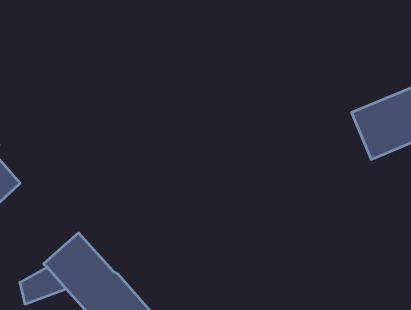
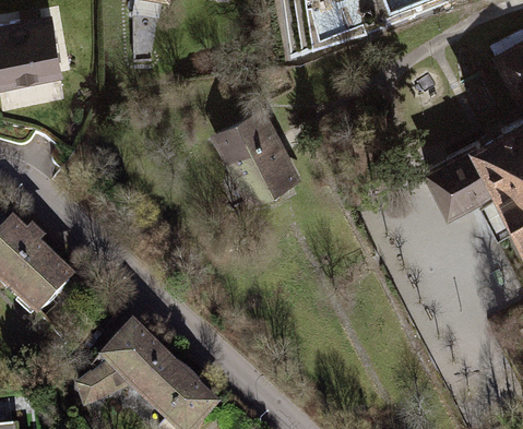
building: none -> [214,108,304,206]

